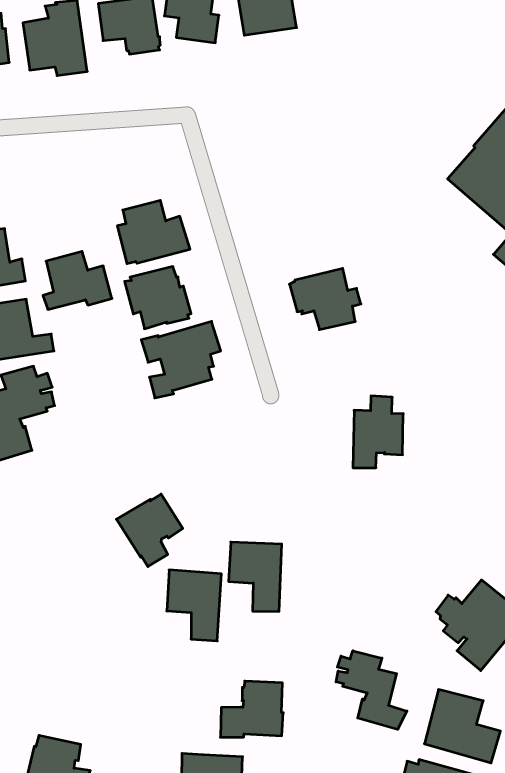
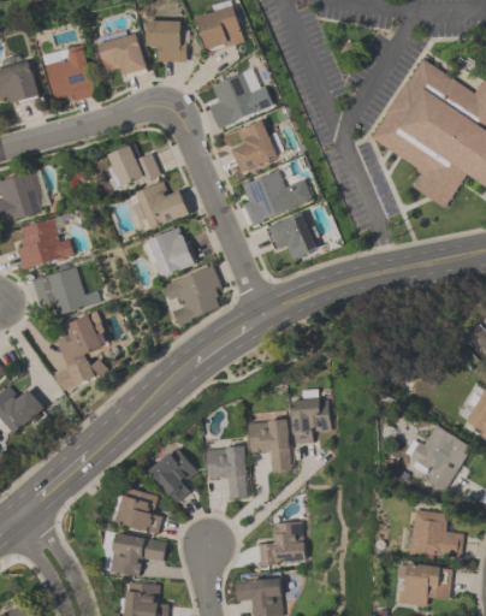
building: none -> [209,72,274,128]
building: none -> [232,119,278,171]
building: none -> [242,170,314,225]
building: [43,251,112,309] -> [109,143,161,189]
building: [353,396,403,468] -> [291,387,331,443]
building: [116,494,183,567] -> [149,448,198,502]
building: none -> [117,487,164,533]
building: [336,651,407,729] -> none
building: none -> [111,533,167,576]

